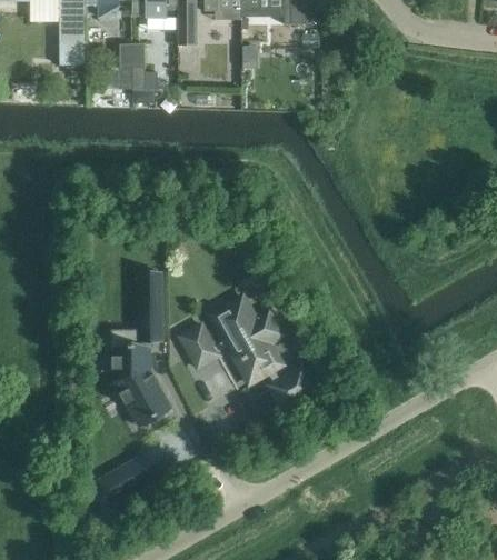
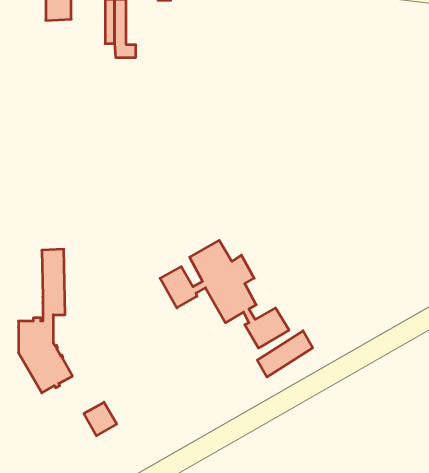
building: [115,272,171,423] -> [18,249,72,393]
building: none -> [257,331,313,377]

